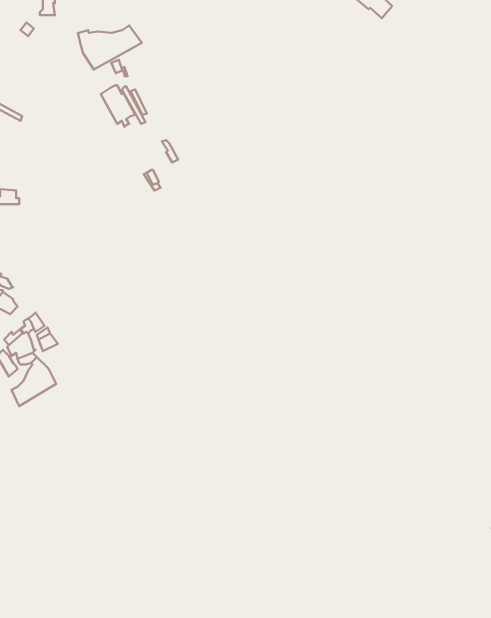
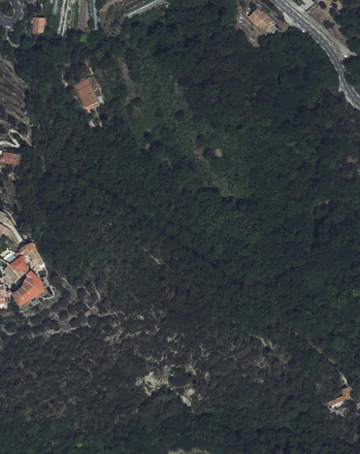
building: [78,25,142,69] -> none

